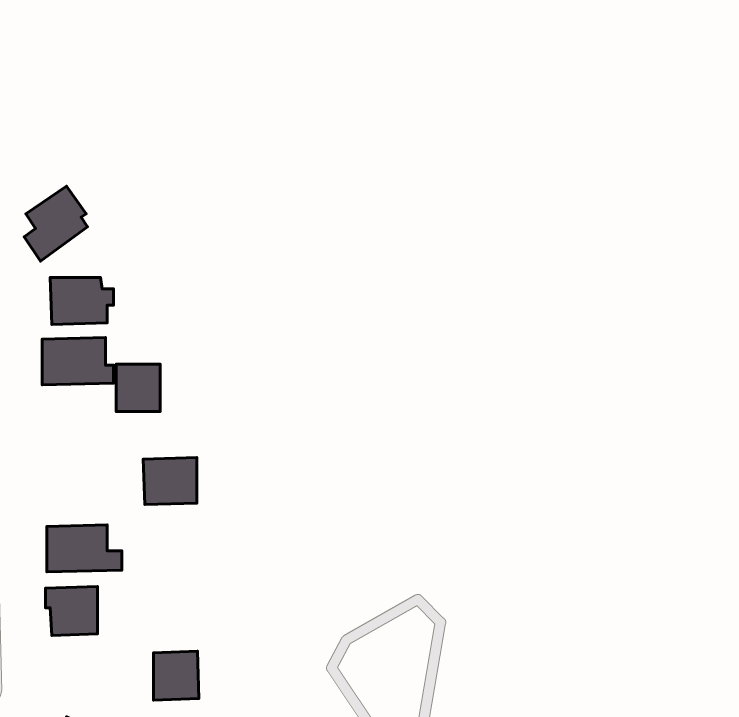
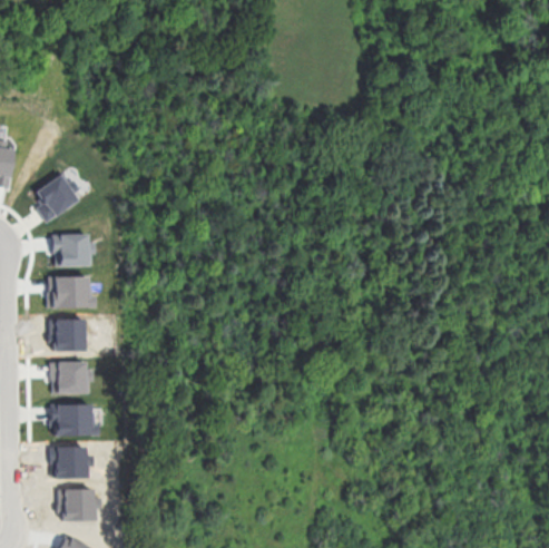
building: [116,364,160,412] -> [55,319,85,351]
building: [143,457,197,505] -> [50,361,87,393]
building: [153,651,199,700] -> [62,488,94,521]

